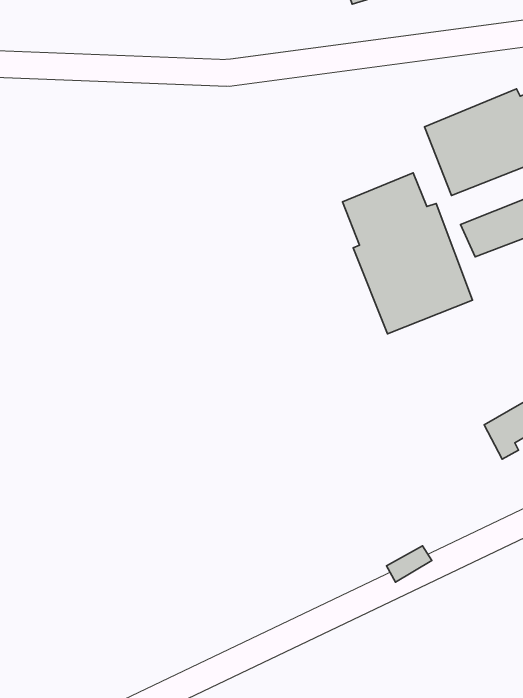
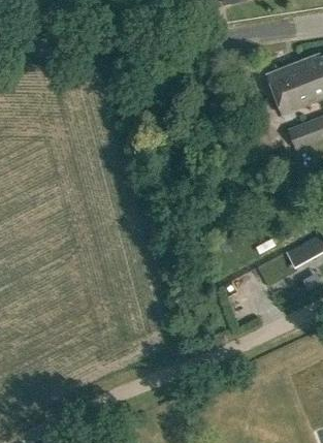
building: [342,173,473,334] -> none

